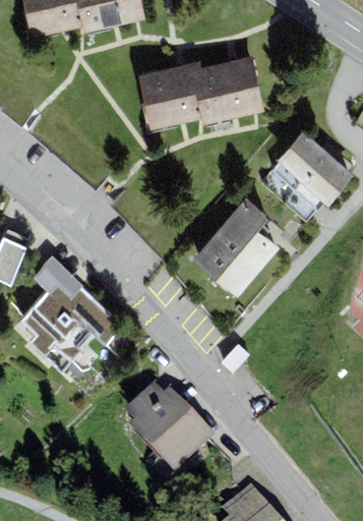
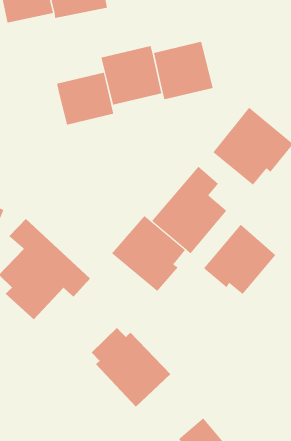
building: none -> [57,72,114,125]
building: none -> [111,215,186,292]
building: none -> [203,224,276,295]

